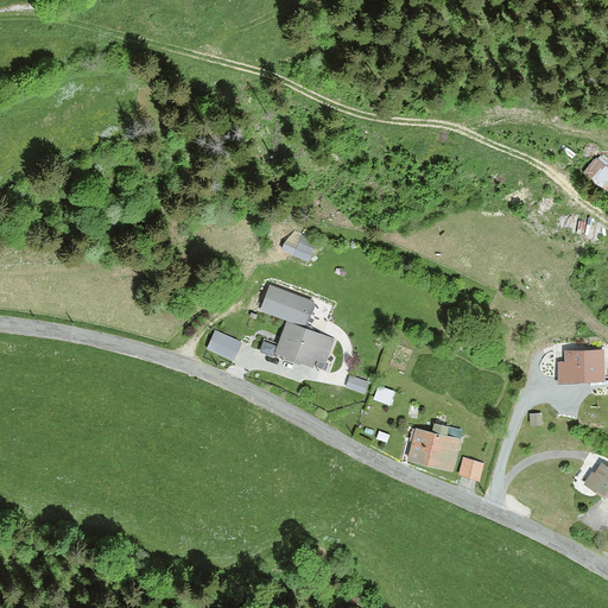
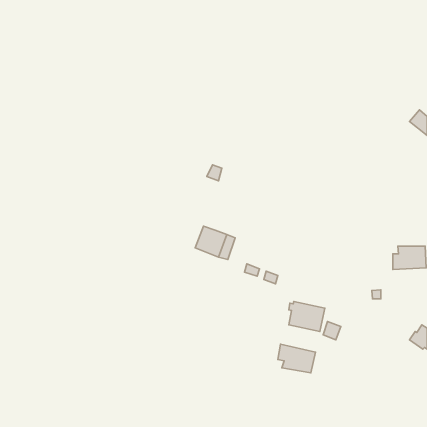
building: [260,284,316,327] -> none
building: [207,329,242,360] -> none
building: none -> [278,344,315,373]

